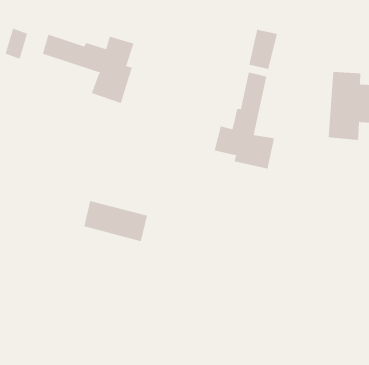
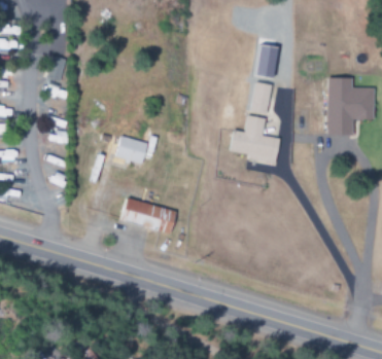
building: [42,34,134,104] -> none
building: none -> [115,135,148,164]

